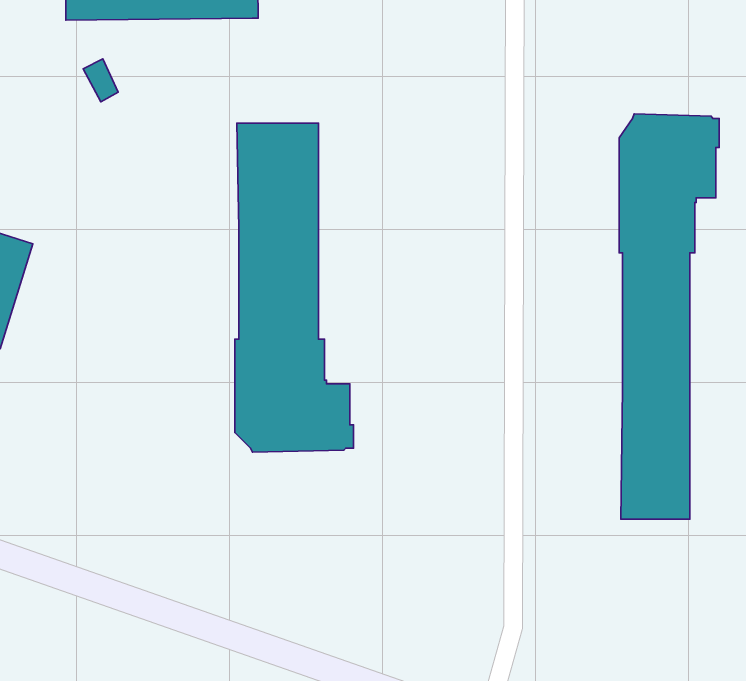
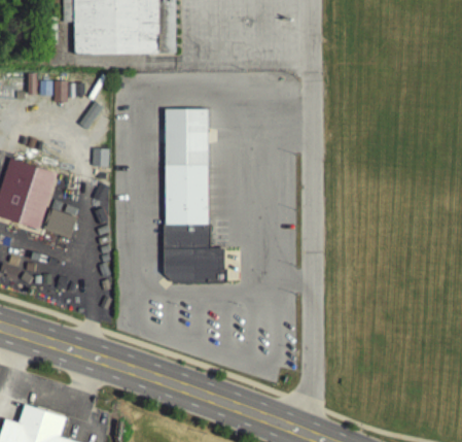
building: [619,114,719,519] -> none

